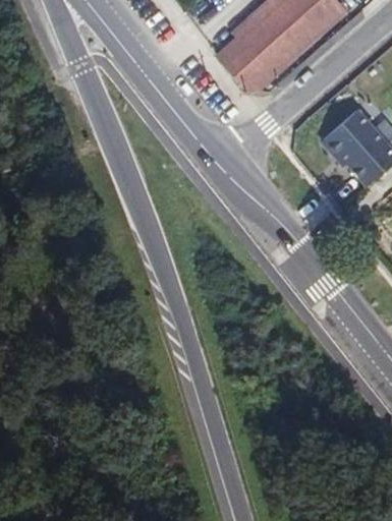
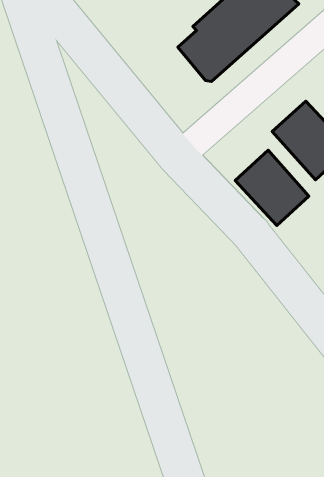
building: none -> [235,150,309,225]

